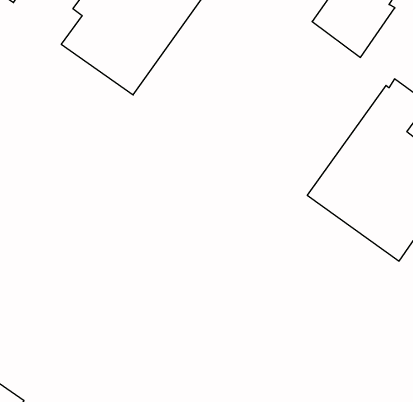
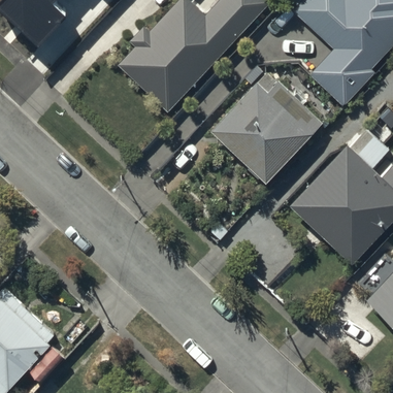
building: none -> [210,71,322,182]

